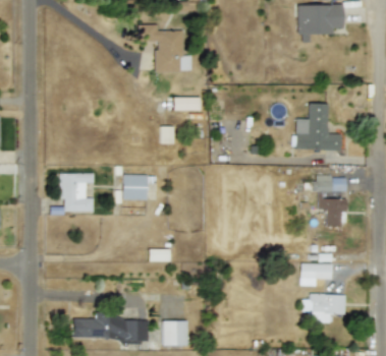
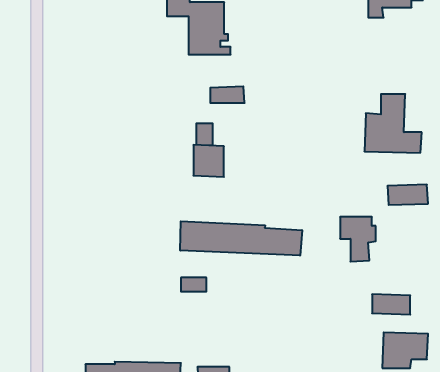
building: [60,172,95,212] -> none
building: [124,174,149,199] -> [193,145,224,177]
building: [319,191,347,227] -> [340,217,376,262]
building: none -> [180,221,302,256]

